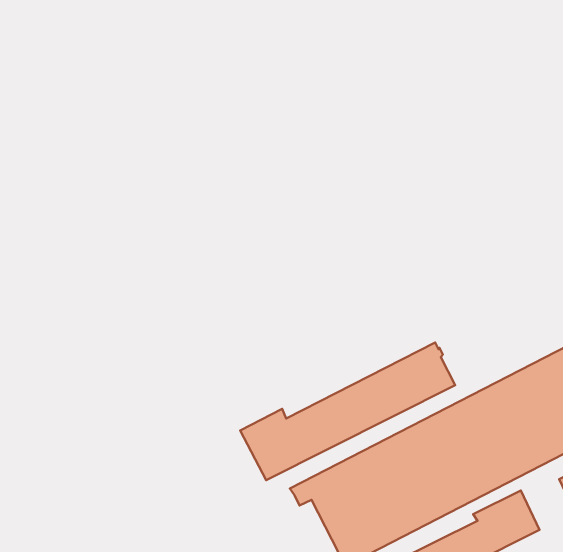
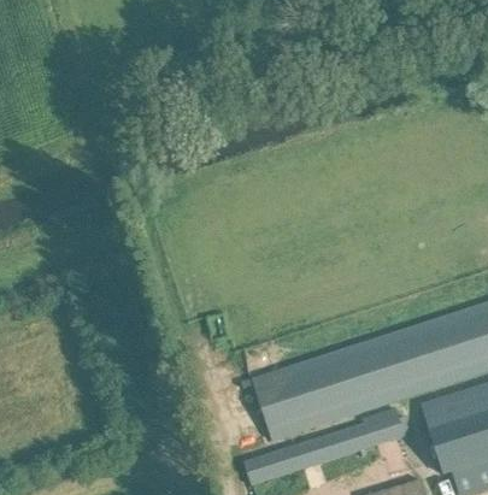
building: [240,343,455,480] -> none

